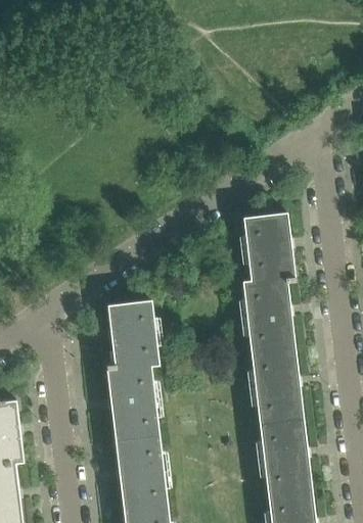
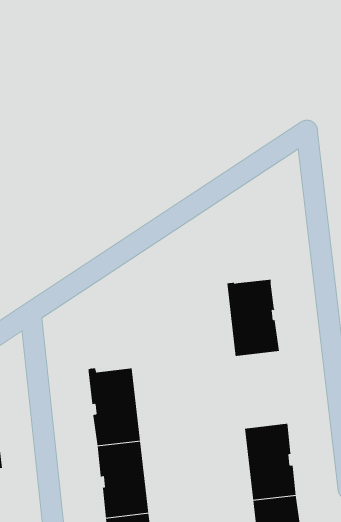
building: [243,213,294,283] -> none
building: [107,300,158,369] -> none
building: [251,348,303,424] -> none

